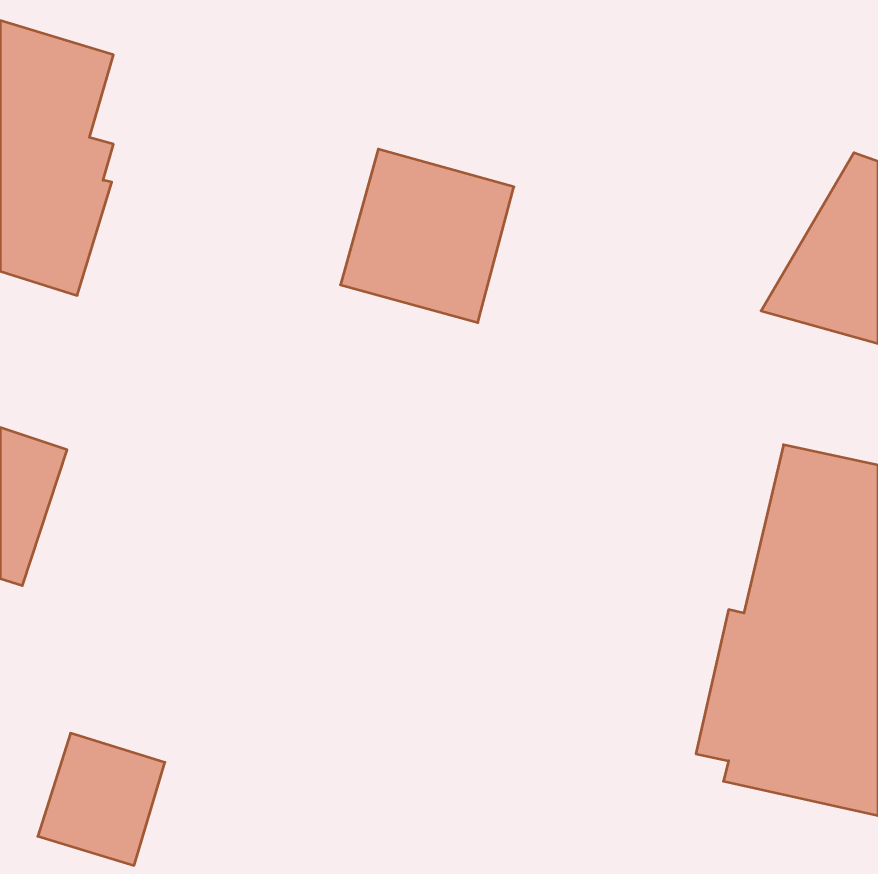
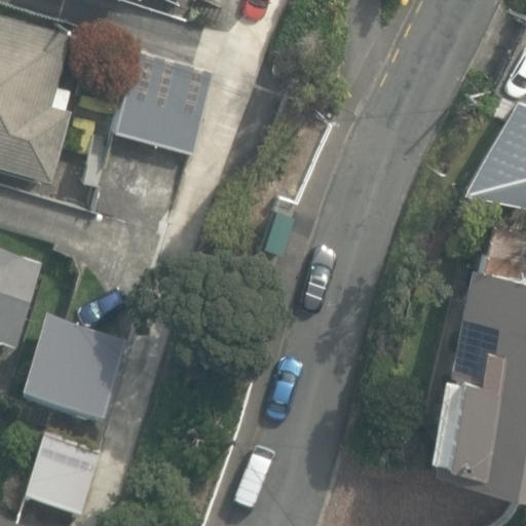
building: [340,149,514,323] -> [111,49,215,153]
building: none -> [20,325,121,425]

